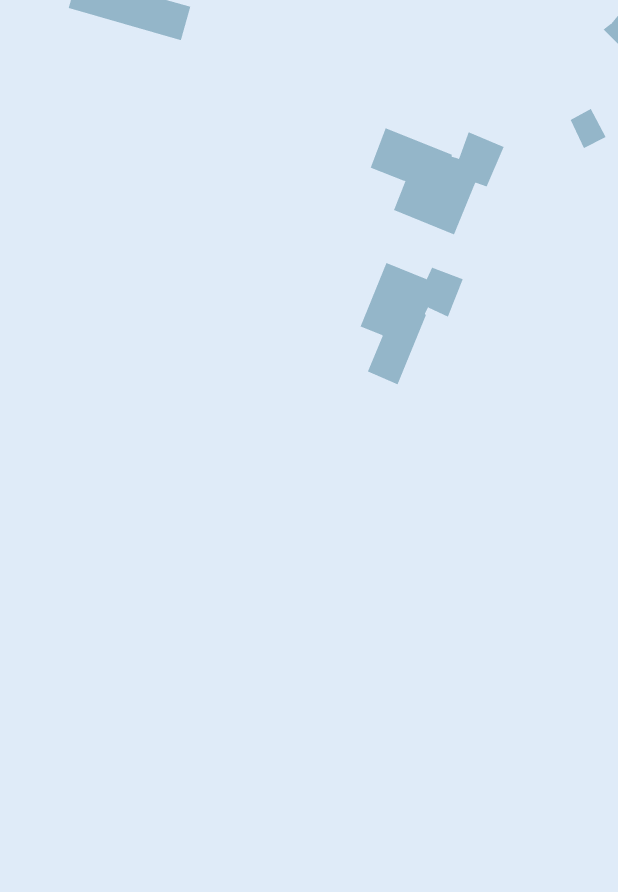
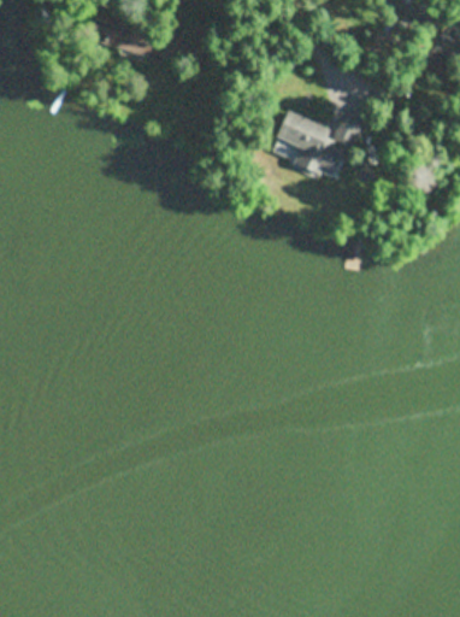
building: [360,262,464,385] -> none

